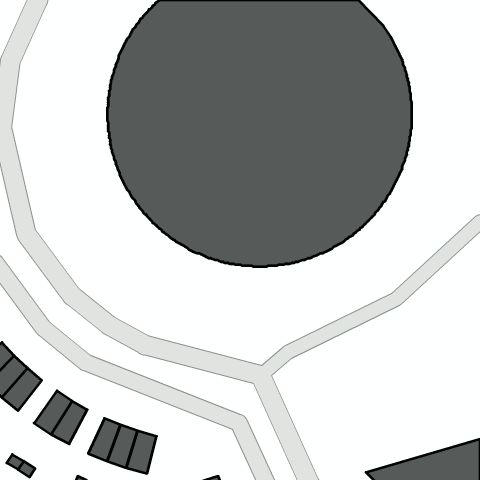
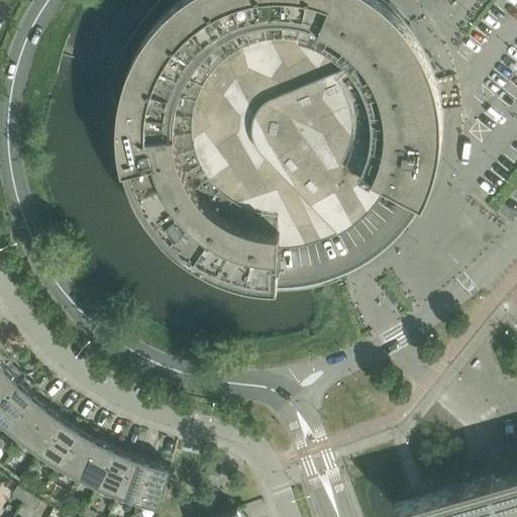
building: none -> [19,410,61,455]
building: none -> [74,441,111,488]

